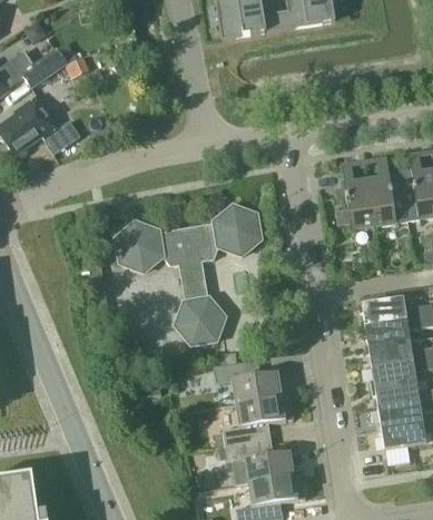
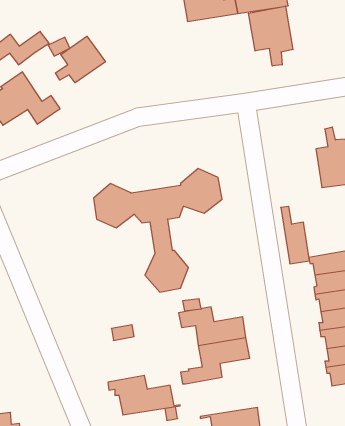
building: none -> [249,6,293,66]
building: none -> [55,36,105,83]
building: [341,164,373,228] -> [281,206,309,264]
building: [219,439,301,483] -> [108,375,180,415]

